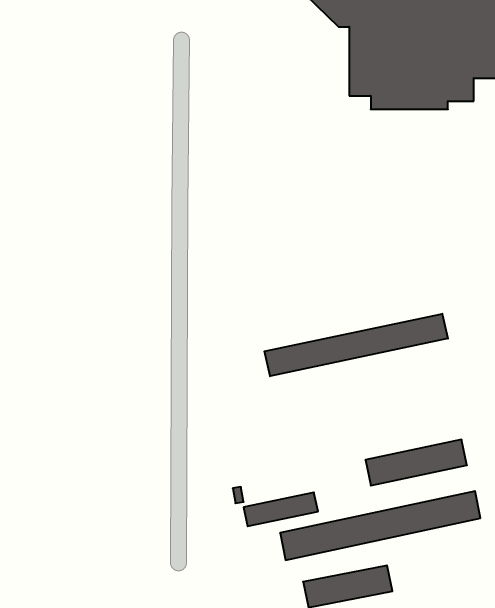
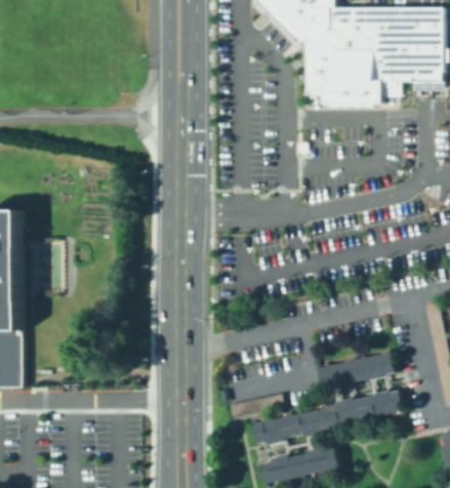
building: [264,314,448,376] -> none

